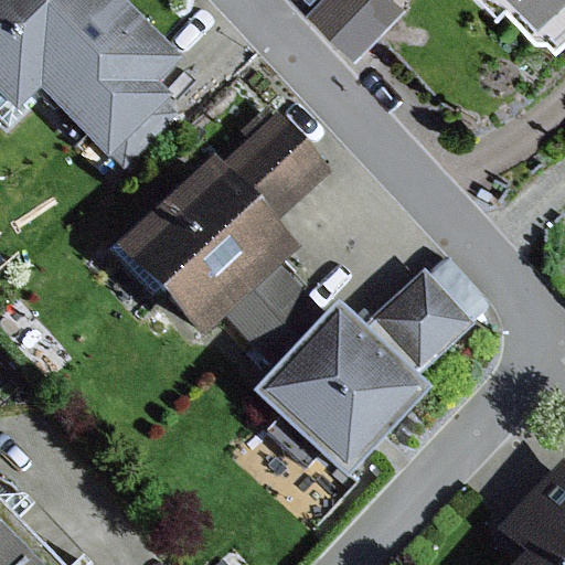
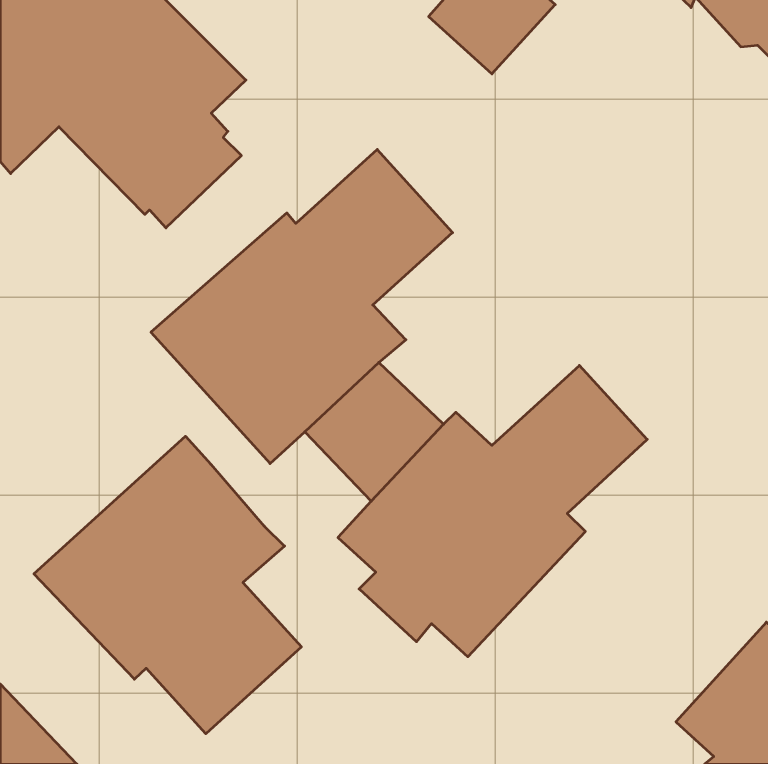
building: none -> [34,436,301,734]

